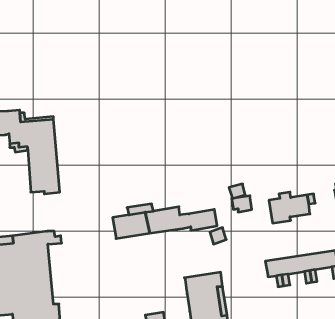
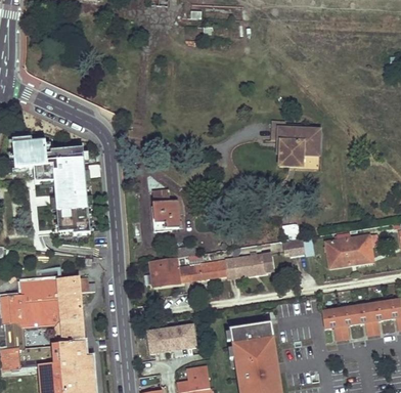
building: none -> [273,127,319,168]
building: none -> [151,188,178,231]
building: none -> [145,326,196,356]

